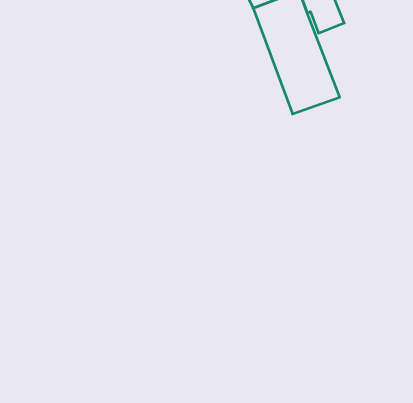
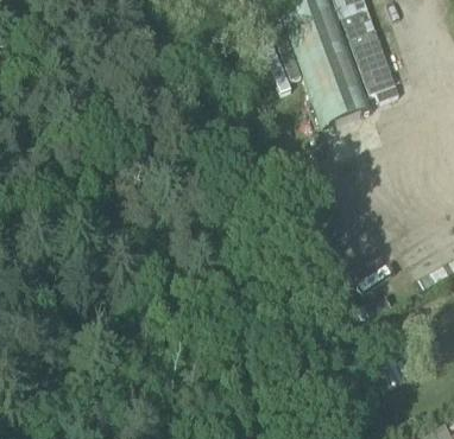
building: none -> [351,26,401,97]

